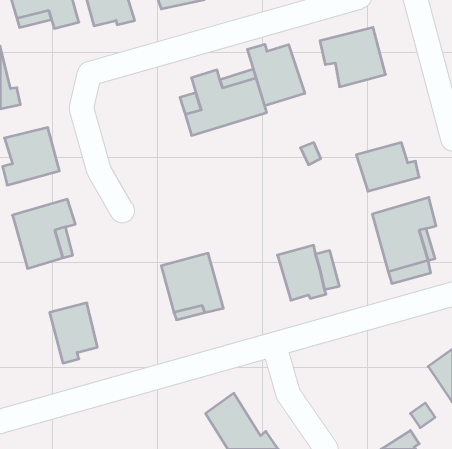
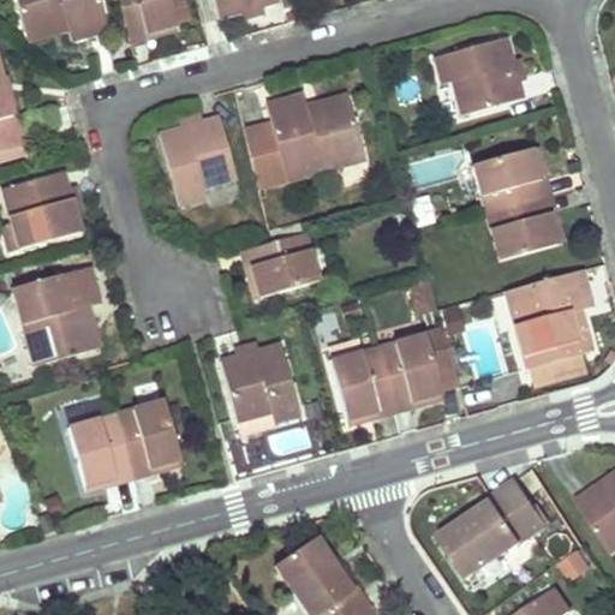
building: [247,44,305,106] -> none
building: none -> [159,117,235,205]
building: none -> [472,145,549,210]
building: none -> [247,232,318,303]
building: none -> [333,346,395,426]
building: none -> [119,399,185,471]
building: none -> [442,473,554,575]

